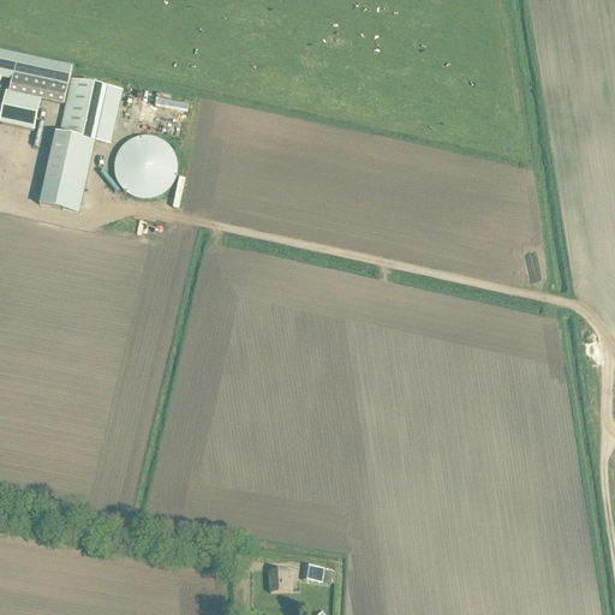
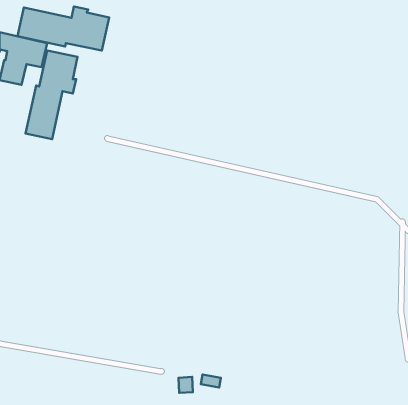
building: none -> [18,6,109,51]
building: [113,135,175,197] -> none

